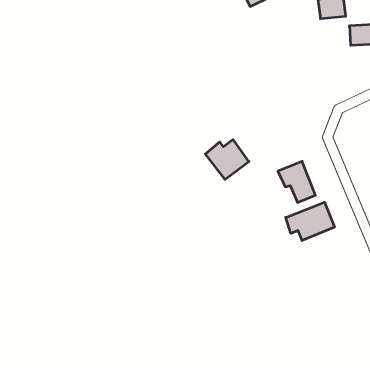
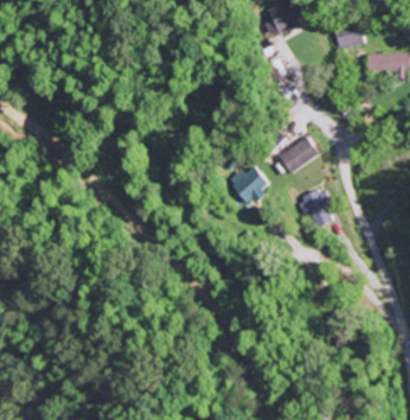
building: none -> [278,135,319,172]
building: [286,202,334,241] -> none

